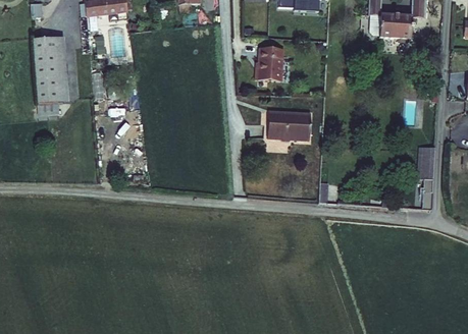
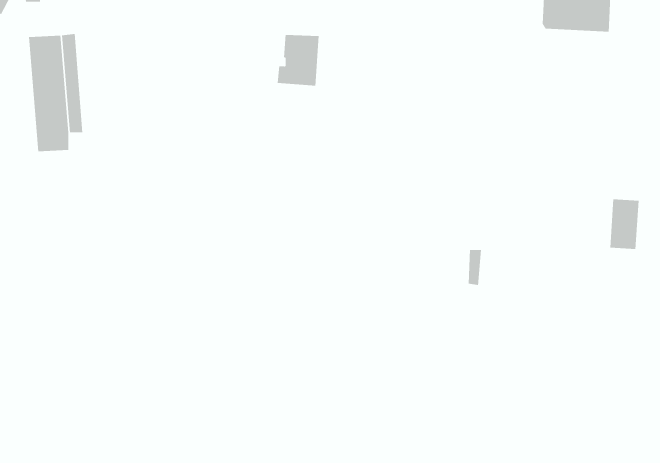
building: [252,44,279,77] -> [277,34,319,86]
building: [268,110,312,140] -> none

